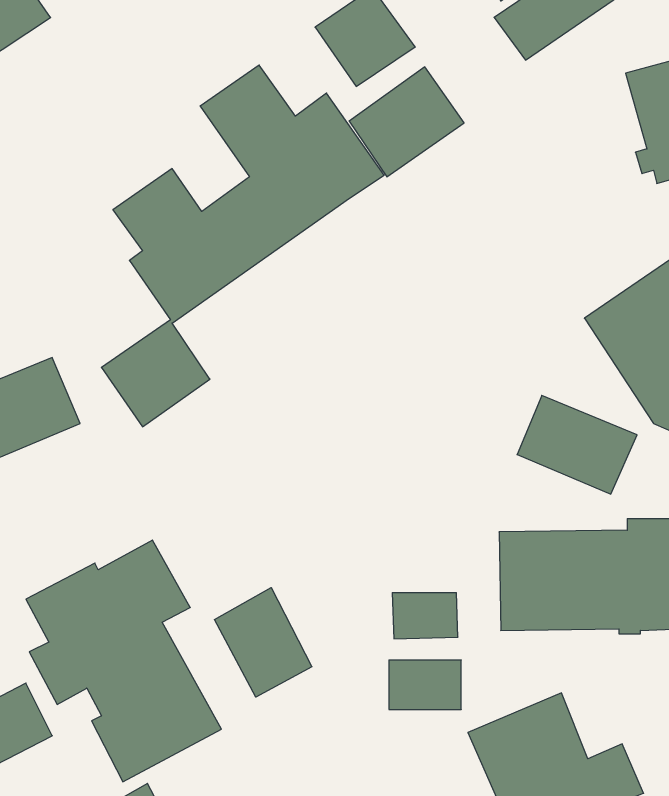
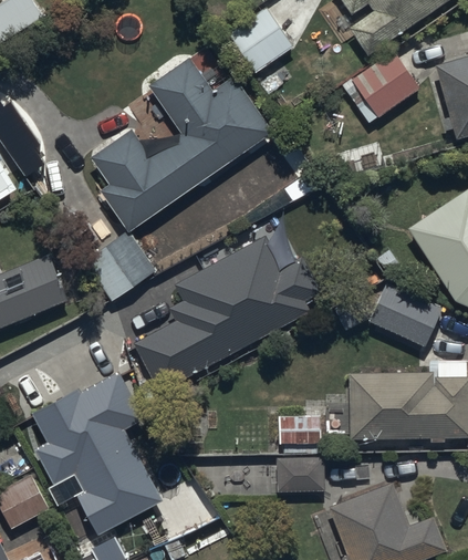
building: [349,67,464,177] -> [341,50,418,124]
building: none -> [135,238,322,393]
building: [214,588,312,697] -> none

